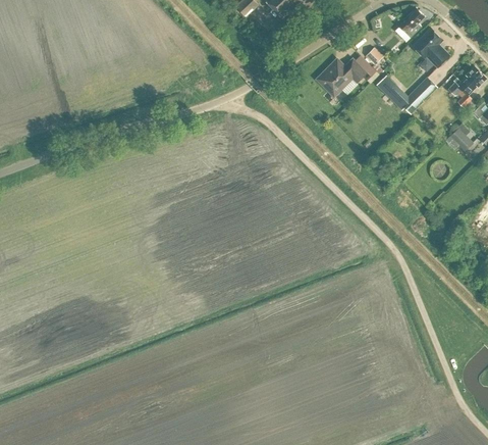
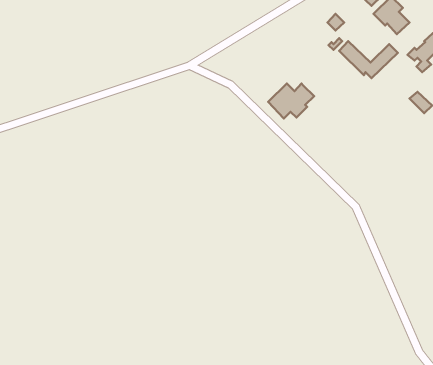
building: [317,58,365,95] -> [268,83,314,119]

